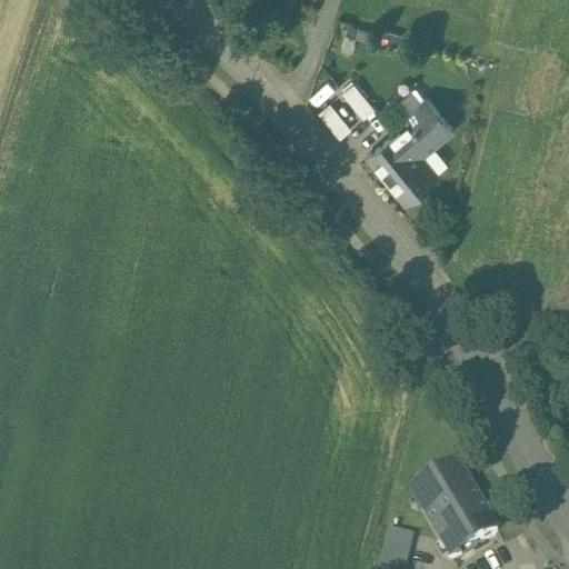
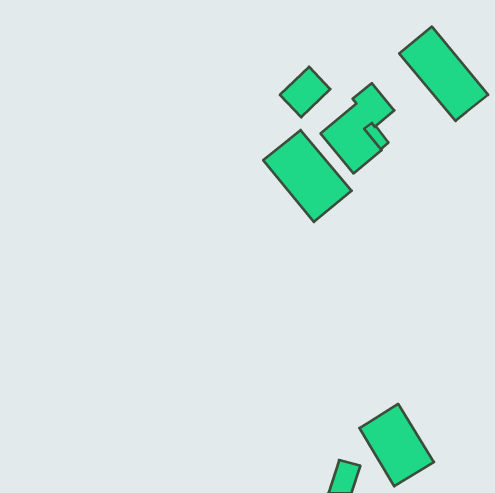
building: none -> [399,27,488,121]
building: none -> [263,130,352,222]

